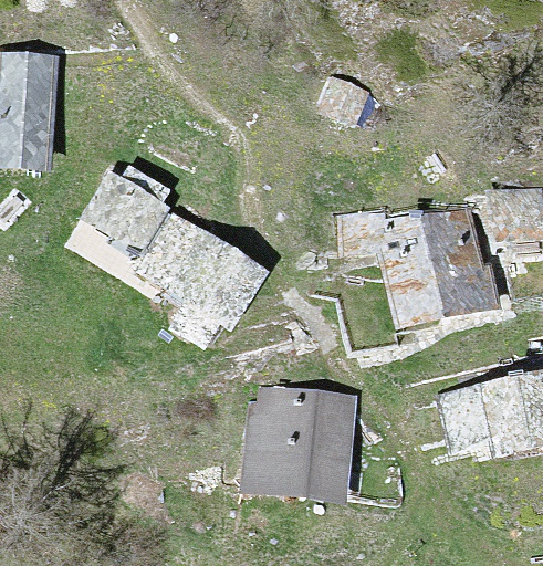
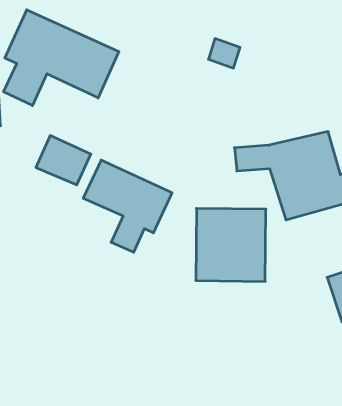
building: none -> [4,10,119,106]
building: [252,388,351,490] -> [196,208,266,281]

